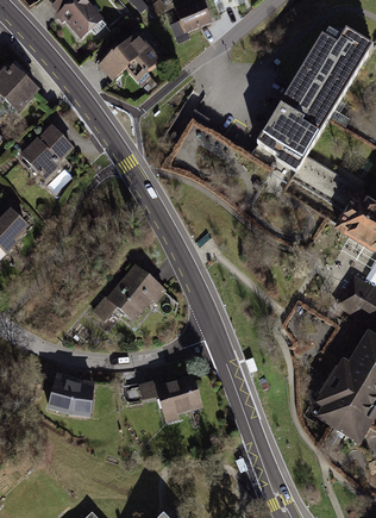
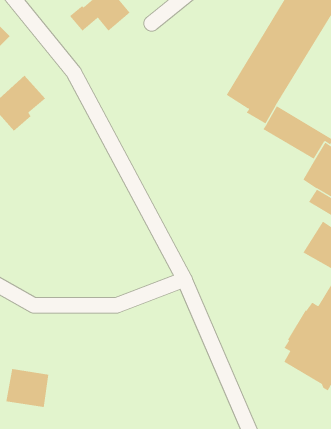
building: [92,258,163,318] -> none
building: [138,373,203,424] -> none
building: [50,377,94,417] -> [6,369,49,407]

